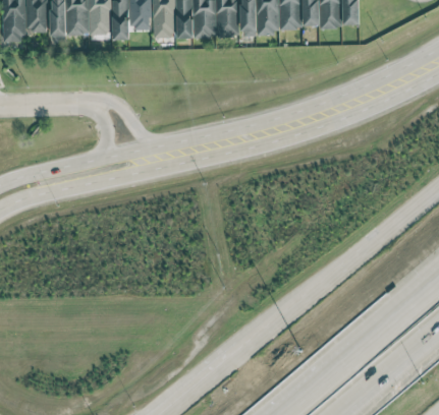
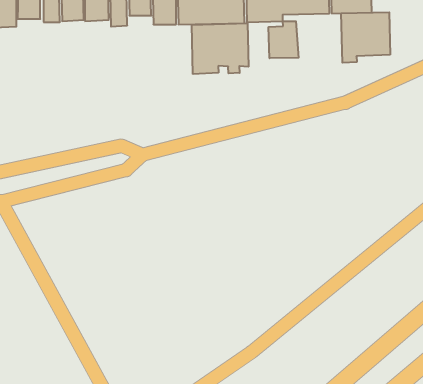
building: none -> [341,12,390,63]
building: none -> [269,21,299,58]
building: none -> [192,23,248,74]

